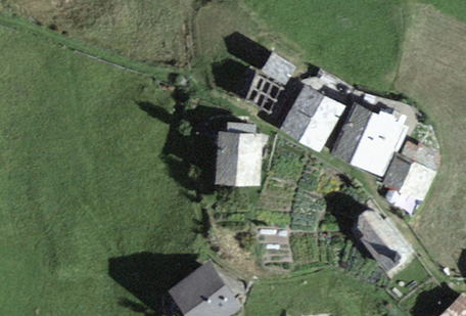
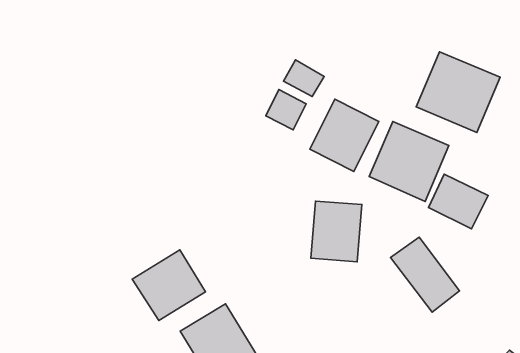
building: none -> [416,52,500,132]
building: [217,131,261,183] -> [311,201,362,262]
building: none -> [132,250,205,321]

